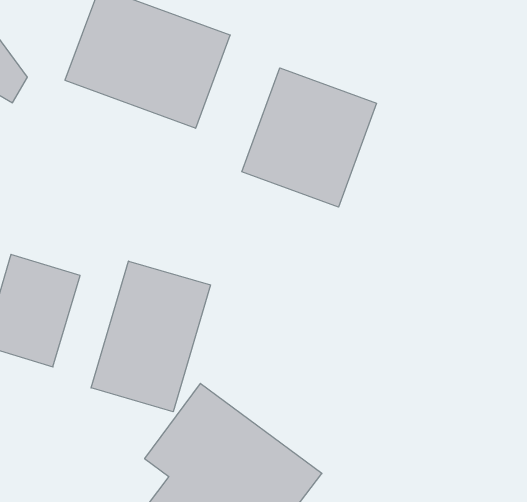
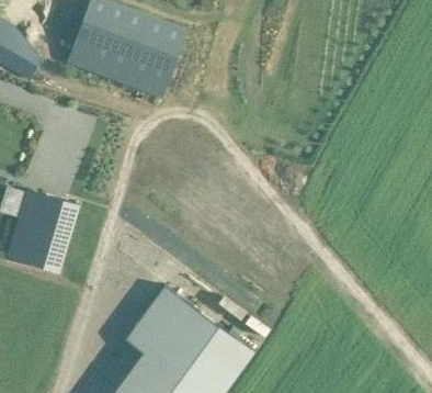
building: [242,68,377,207] -> none
building: [91,261,210,412] -> none

